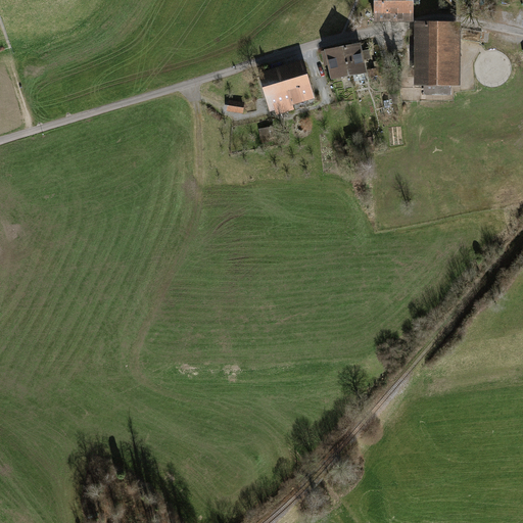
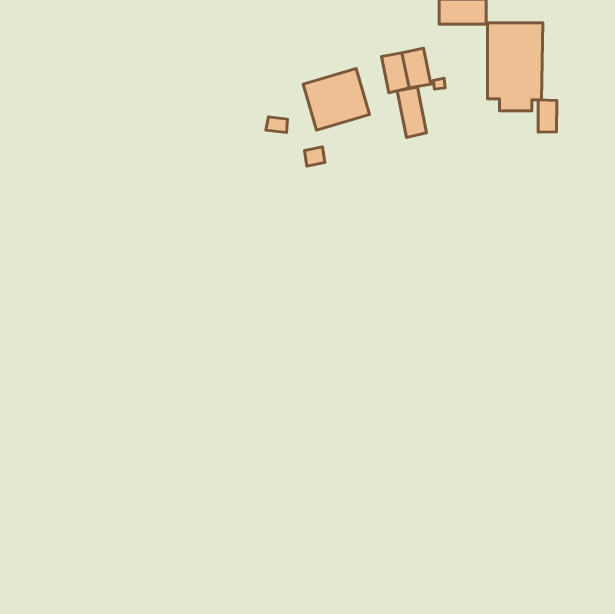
building: none -> [397,87,426,138]
building: none -> [538,100,557,132]

